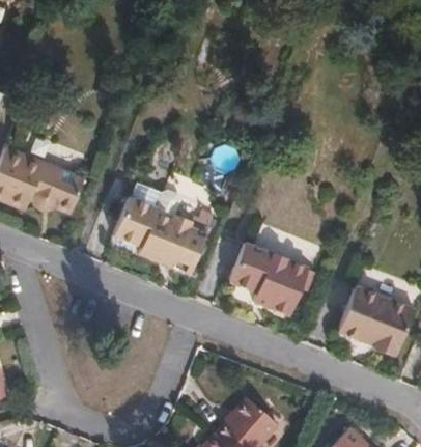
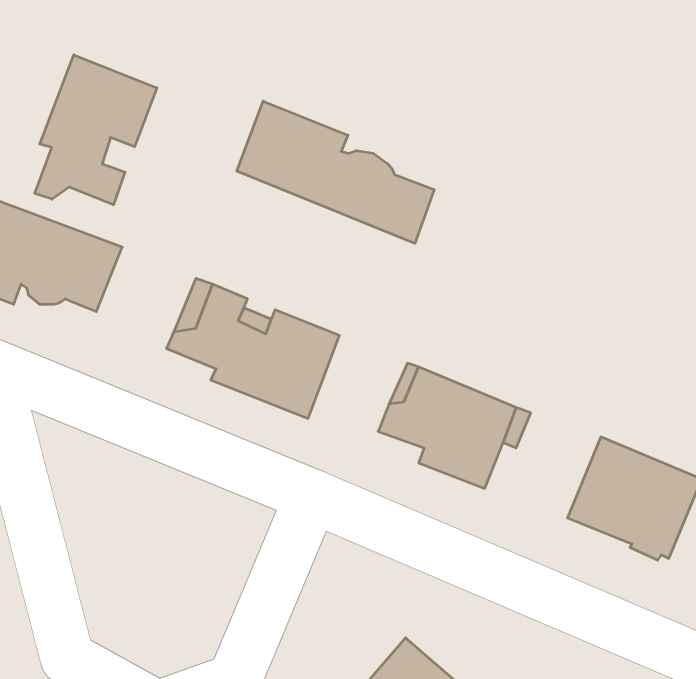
building: none -> [35,55,157,205]
building: none -> [237,101,434,243]

